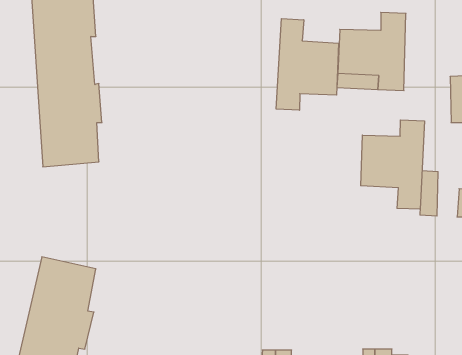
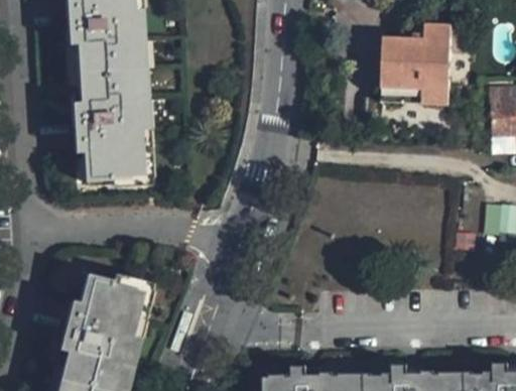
building: [276,19,339,110] -> none
building: [361,120,424,209] -> none

